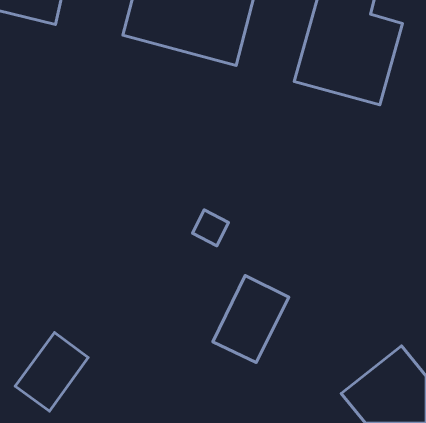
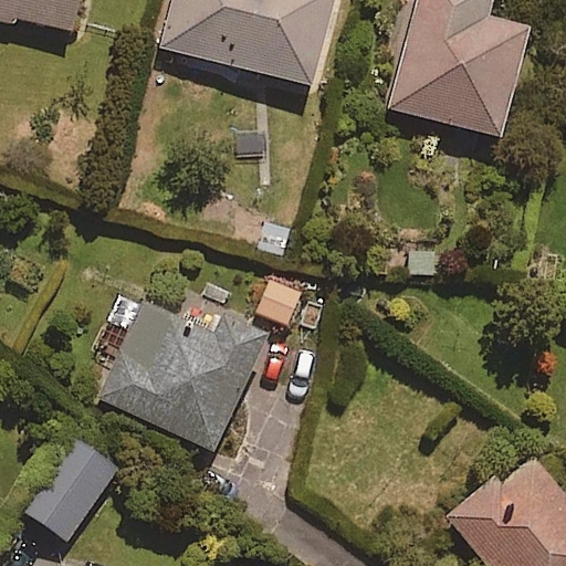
building: none -> [98,304,266,453]
building: [213,276,289,362] -> none

